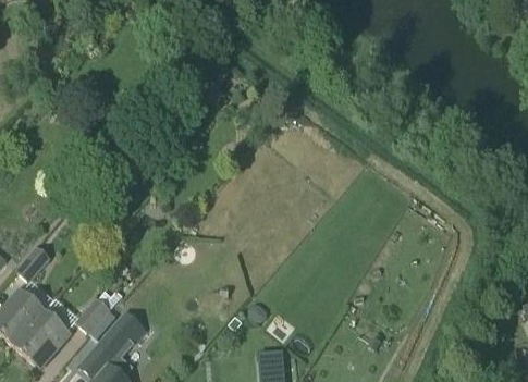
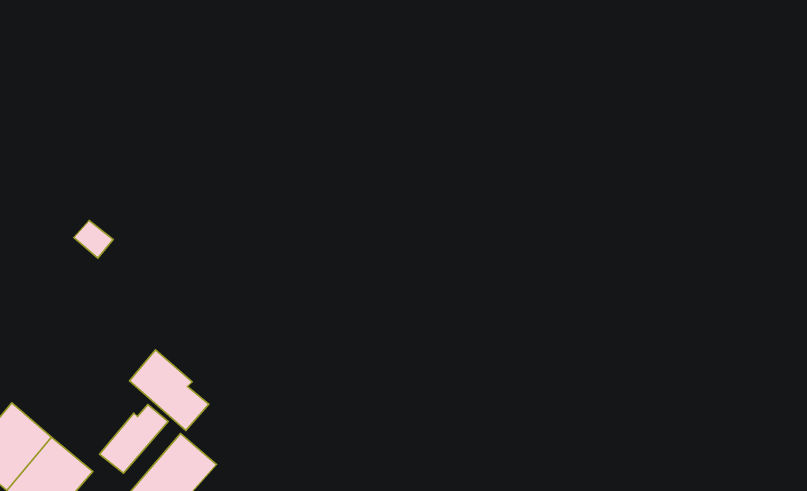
building: [16,246,51,282] -> none
building: none -> [129,350,209,430]

